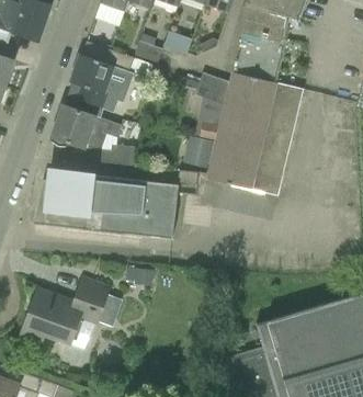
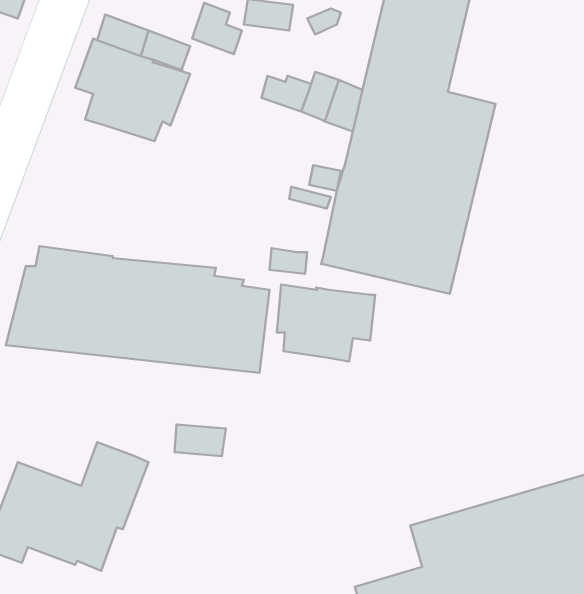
building: [50,104,134,166] -> none
building: none -> [277,284,375,361]

